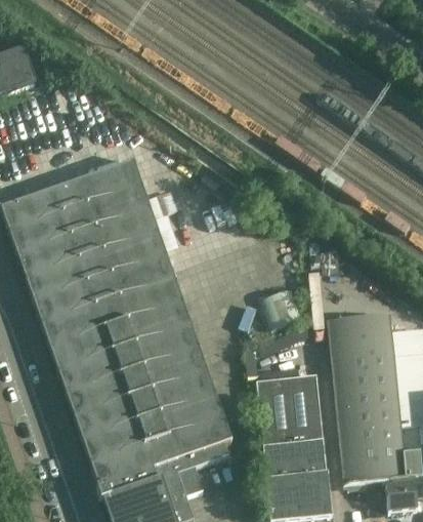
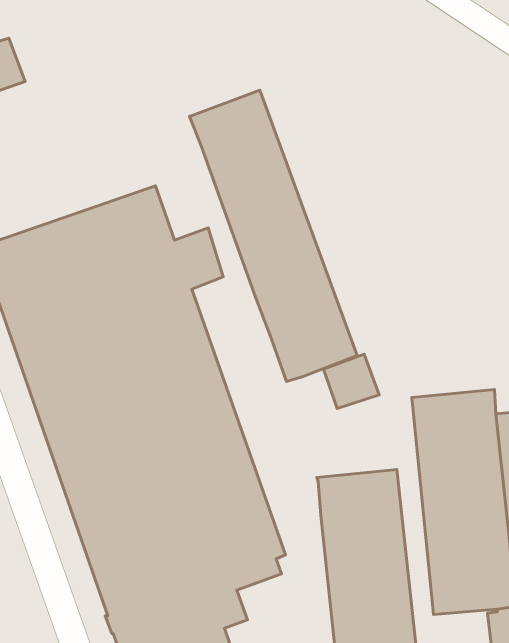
building: none -> [189,90,357,382]

